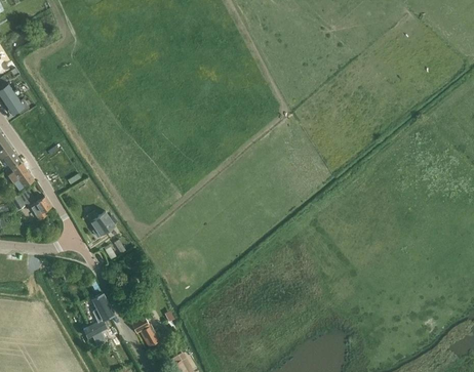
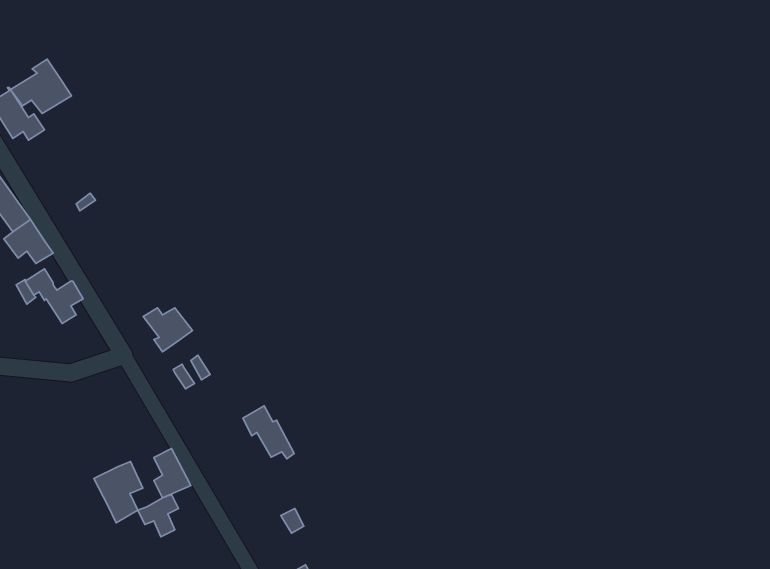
building: none -> [11,59,71,114]
building: none -> [94,462,143,523]
building: [131,317,161,347] -> [243,406,294,459]

